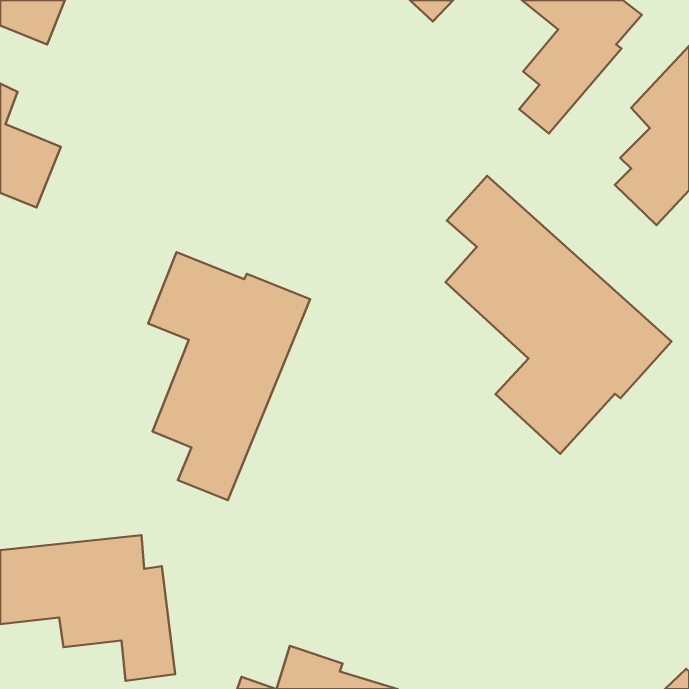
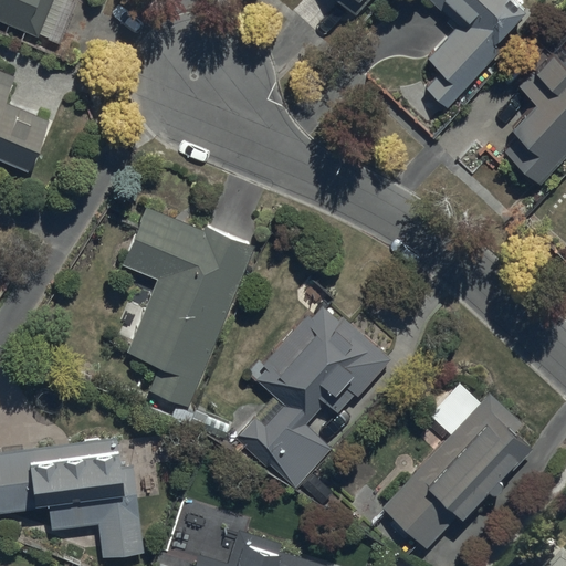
building: [445,176,672,454] -> none
building: none -> [232,306,392,494]
building: none -> [381,382,532,552]

